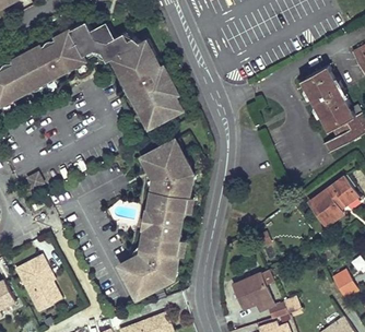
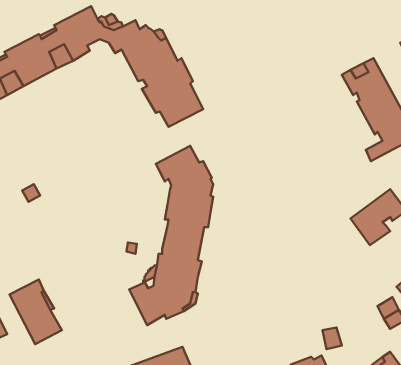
building: [236,273,273,311] -> none

